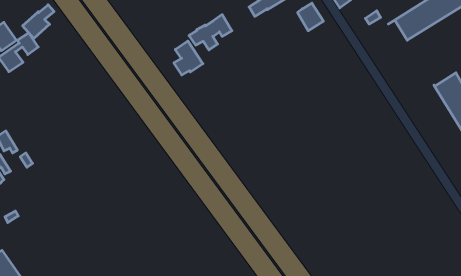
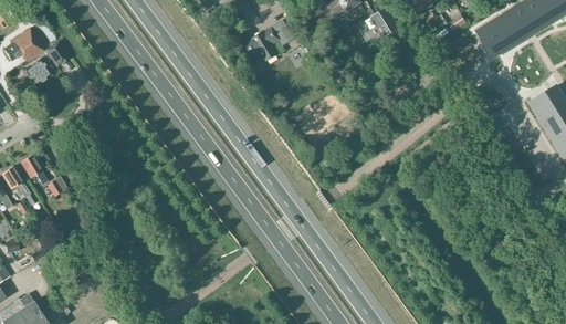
building: [23,5,54,38] -> none
building: [174,41,203,75] -> none

